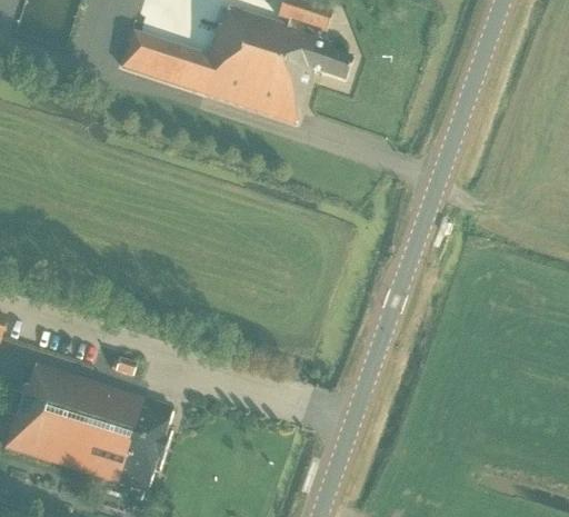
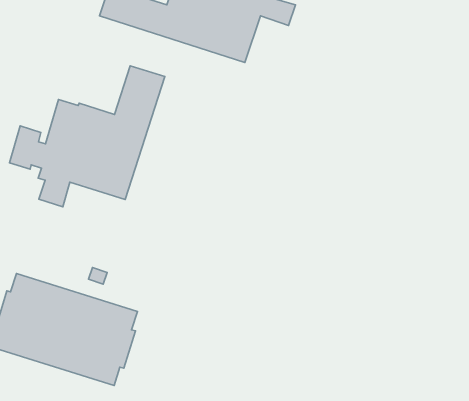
building: none -> [9,66,165,207]

